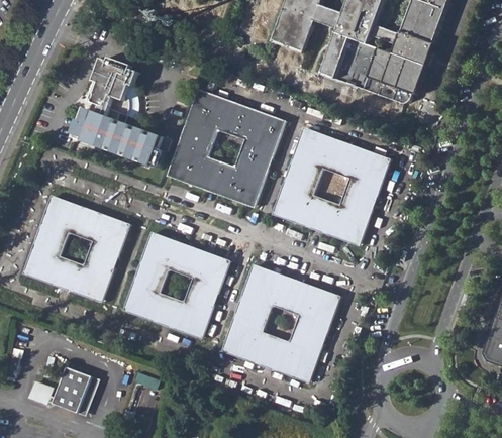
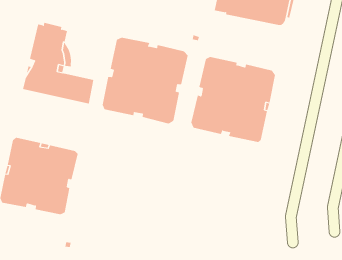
building: [123,233,227,337] -> none
building: [221,264,338,380] -> none

